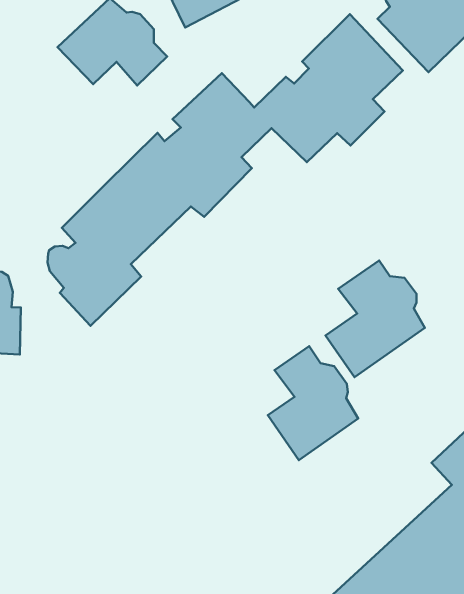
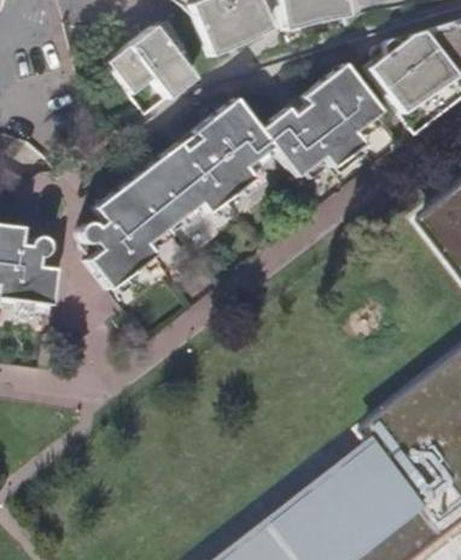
building: [326,260,425,377] -> none
building: [268,346,358,460] -> none

